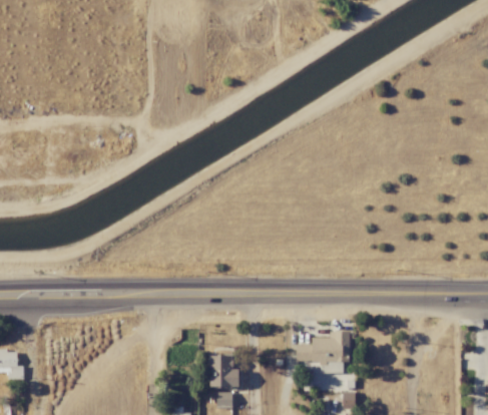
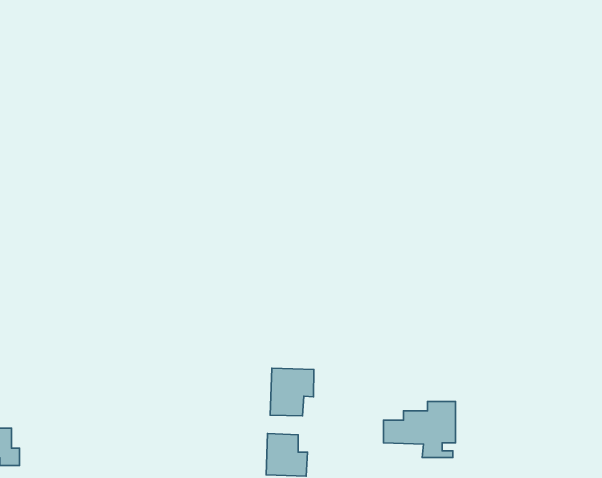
building: none -> [270,368,314,416]

